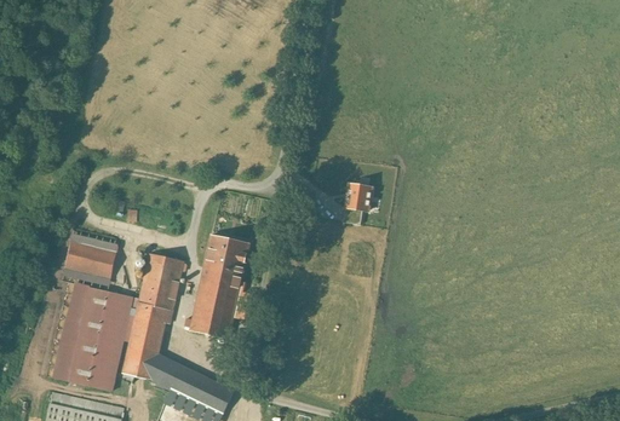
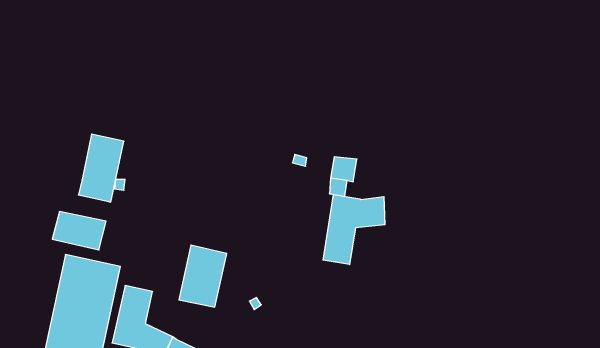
building: none -> [323,194,385,265]
building: [203,233,249,282] -> none
building: [137,253,183,322] -> [78,134,124,202]

